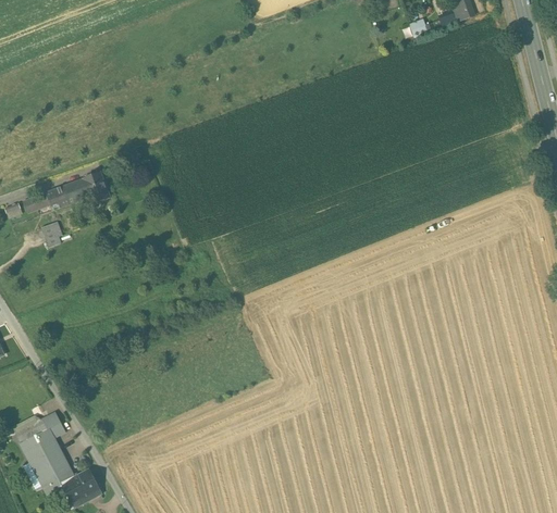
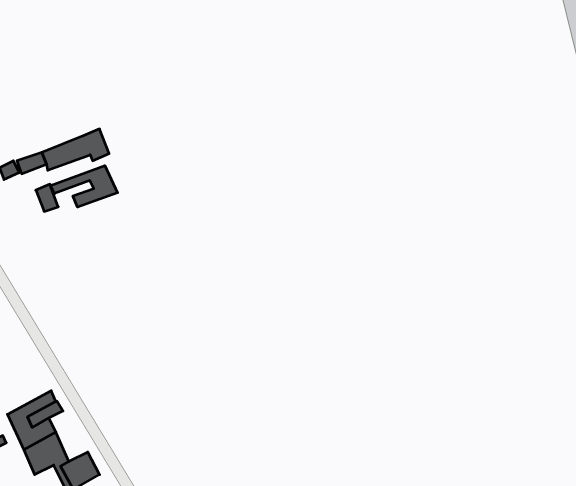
building: none -> [50,166,118,207]

